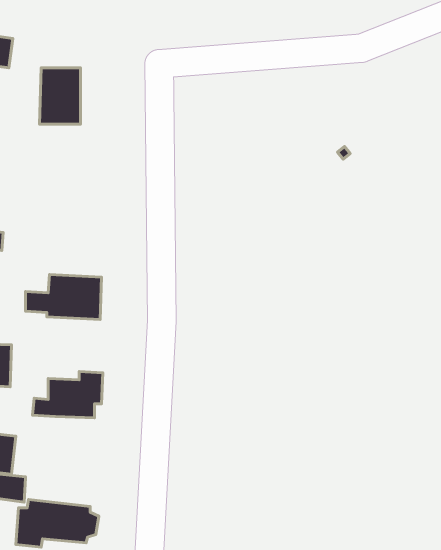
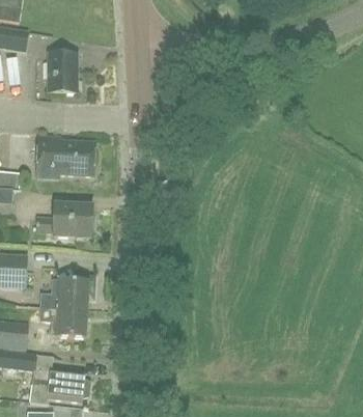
building: none -> [36,134,95,176]
building: none -> [40,307,87,337]

